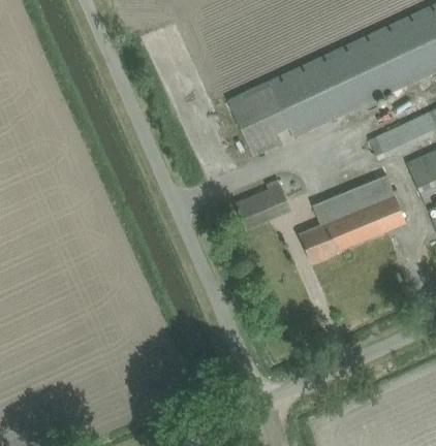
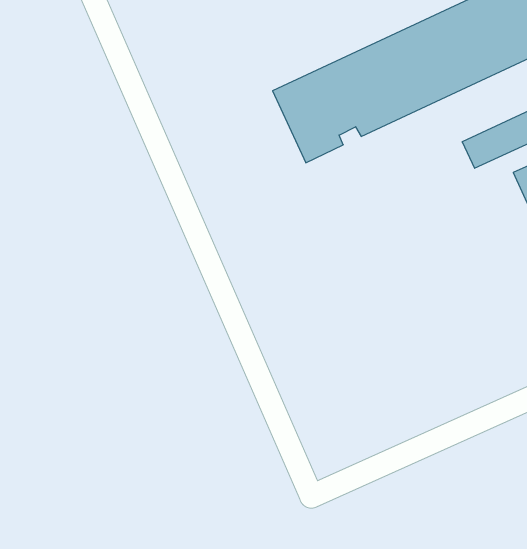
building: [299,178,405,261] -> none
building: [236,180,290,228] -> none

